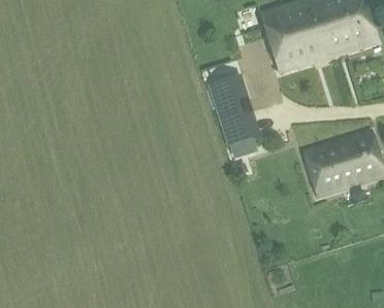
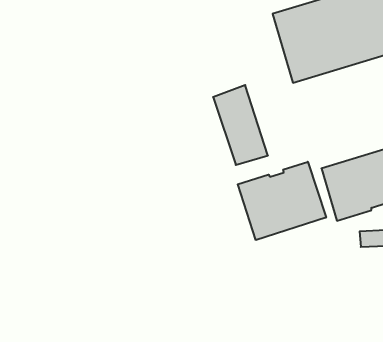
building: none -> [238,162,326,240]

